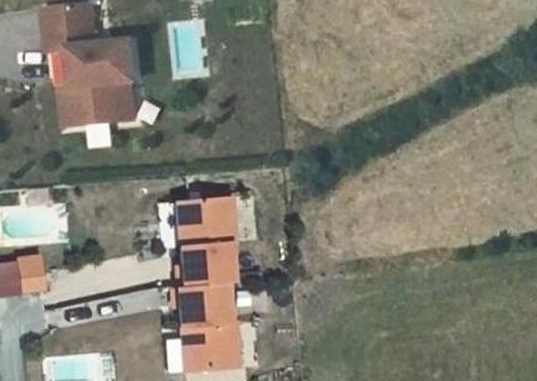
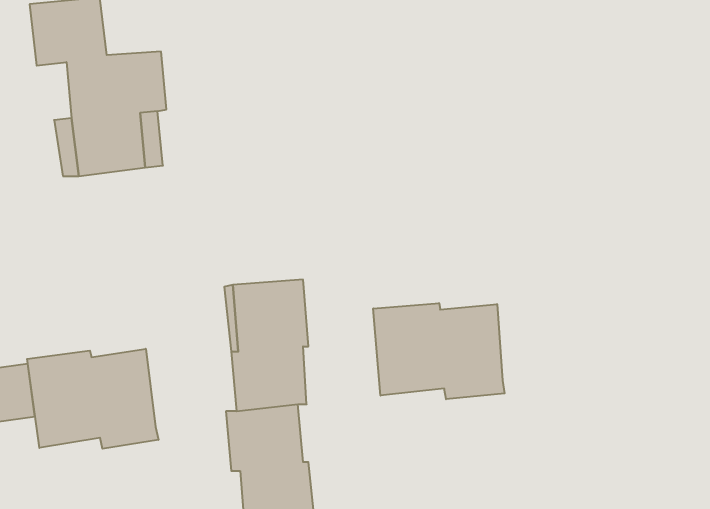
building: none -> [373,303,505,399]
building: none -> [27,349,158,449]

